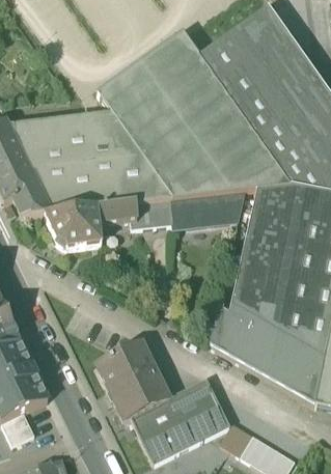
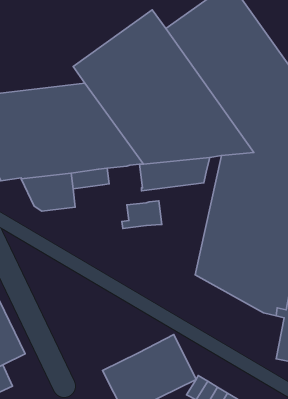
building: [131,197,173,226] -> [122,201,162,228]
building: [210,308,324,403] -> none
building: [96,341,169,419] -> none

